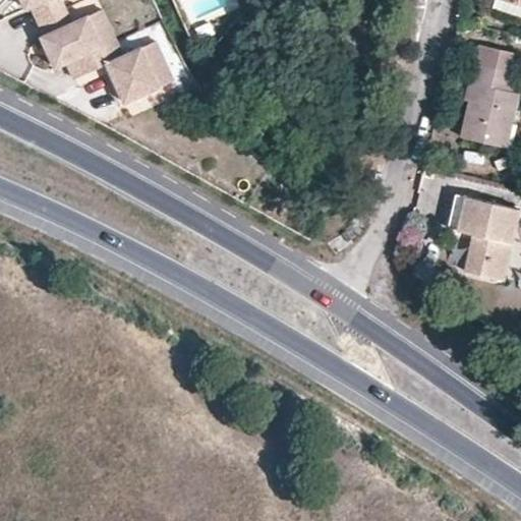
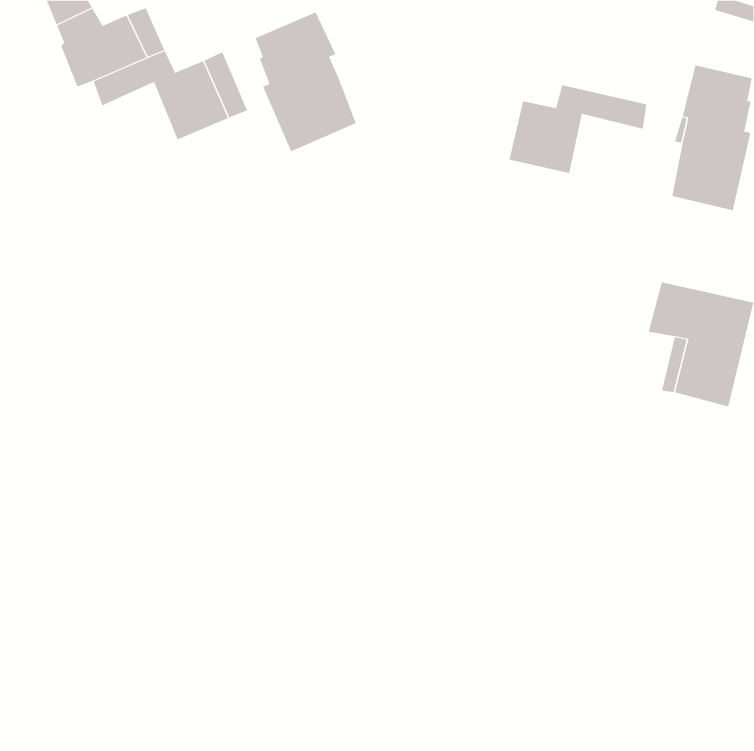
building: none -> [255,11,357,152]
building: none -> [509,85,647,174]

